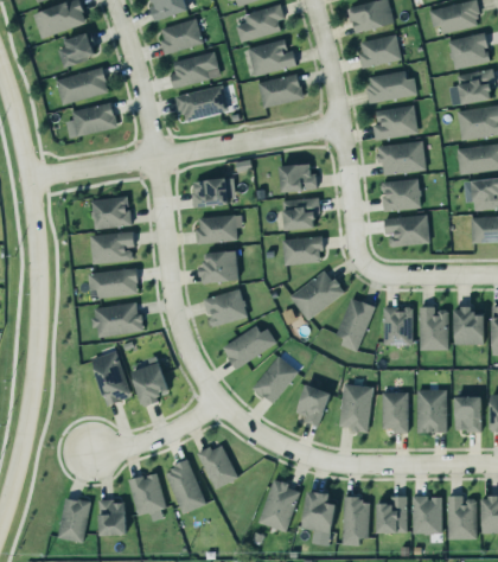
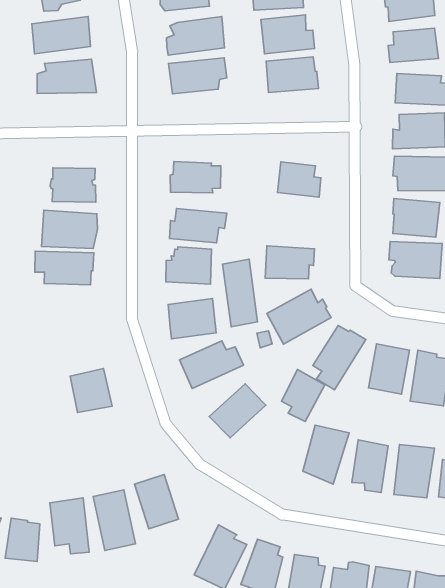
building: [281,196,319,228] -> none
building: none -> [223,259,258,327]
building: [90,301,142,337] -> none
building: [90,350,133,405] -> none
building: [296,384,331,427] -> [281,370,325,421]

